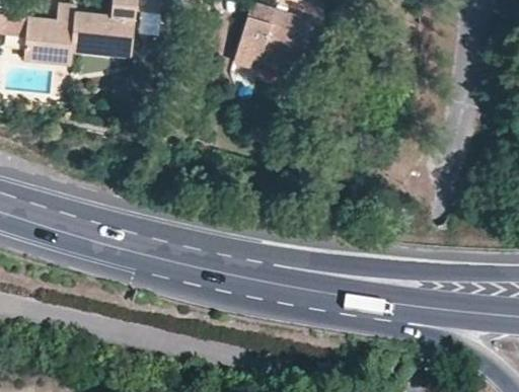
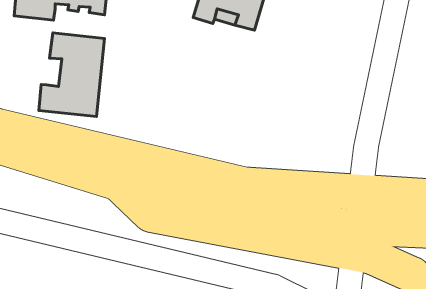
building: none -> [39,33,105,116]

